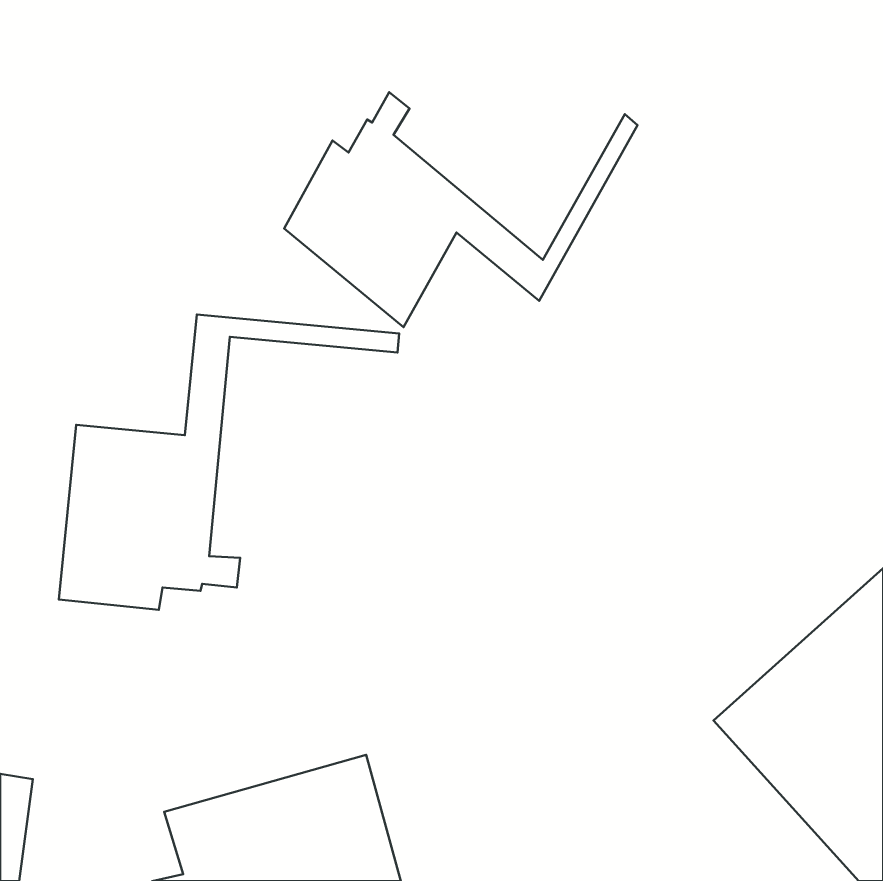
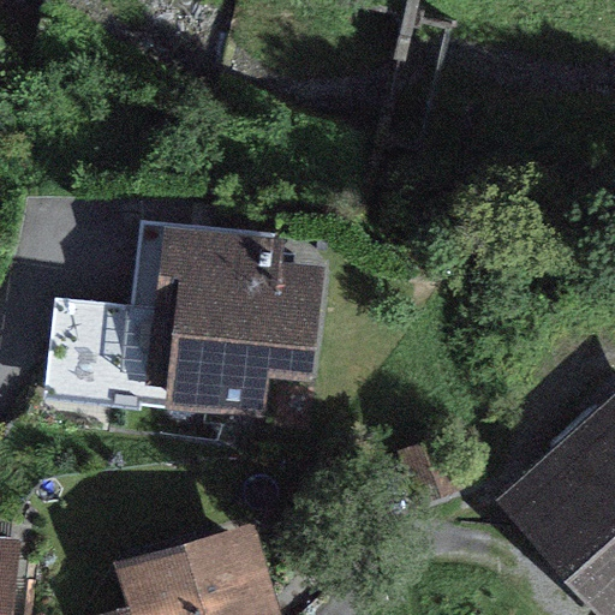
building: [284,92,638,327] -> none
building: none -> [145,234,323,423]

